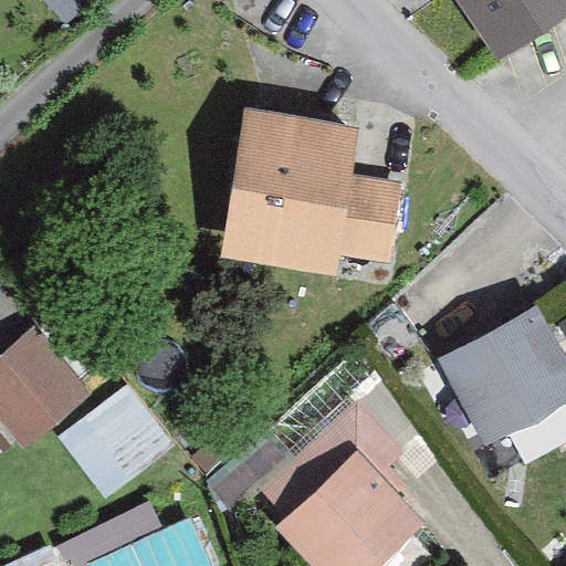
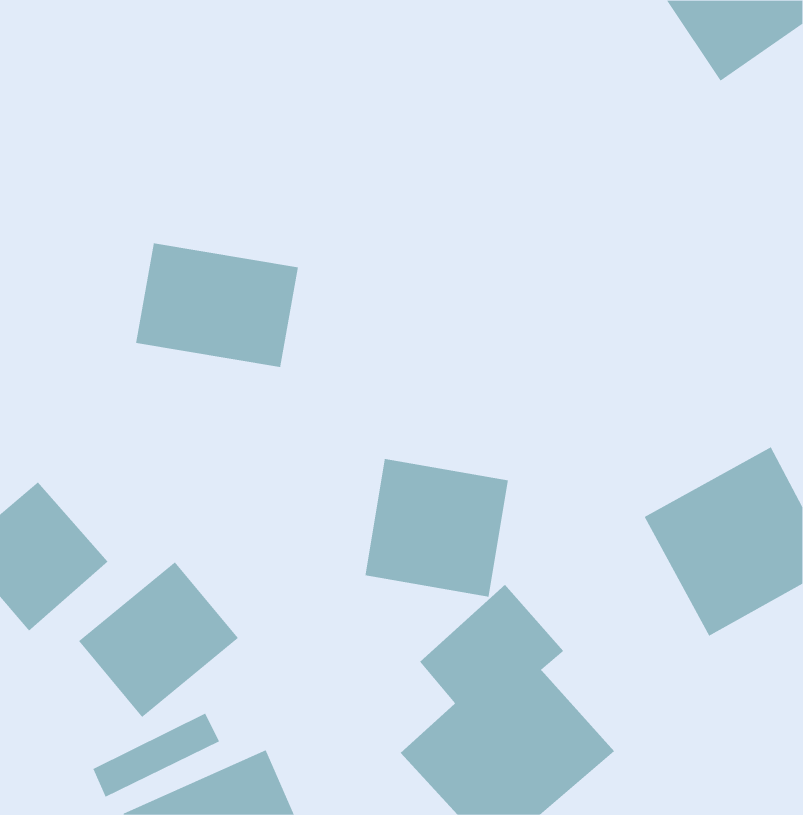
building: [226,112,400,276] -> none
building: none -> [135,242,298,368]
building: none -> [365,458,509,598]

